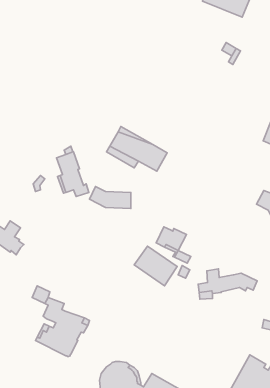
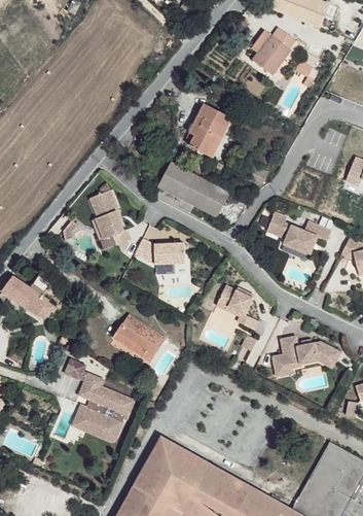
building: none -> [251,28,294,74]
building: none -> [189,103,231,157]
building: none -> [263,213,328,257]
building: [134,246,177,286] -> [113,314,166,363]

